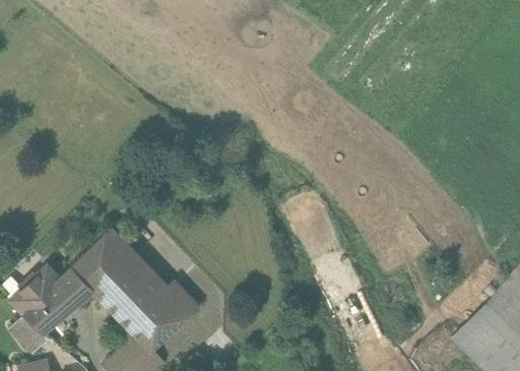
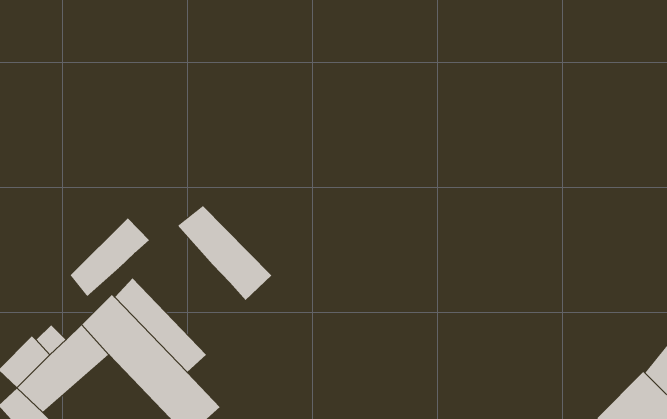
building: none -> [177,205,272,301]
building: none -> [70,217,150,297]
building: [149,281,197,328] -> none

